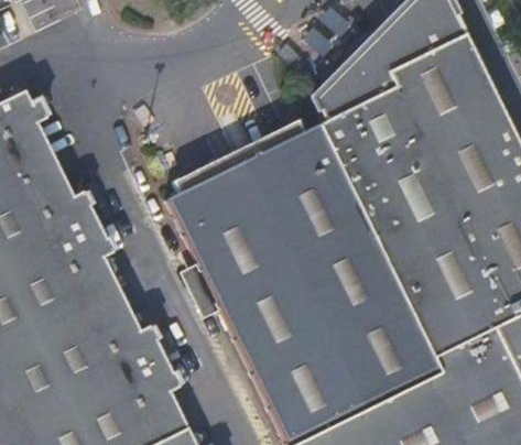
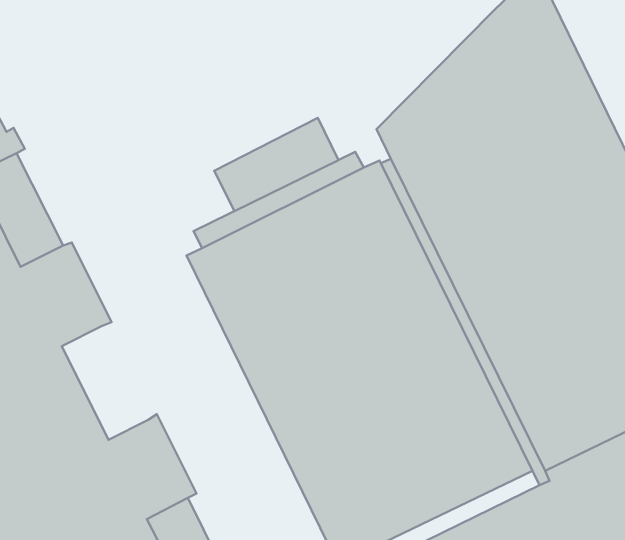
building: none -> [214,118,339,211]
building: [69,257,137,345] -> none

